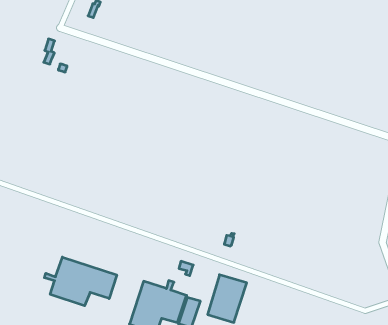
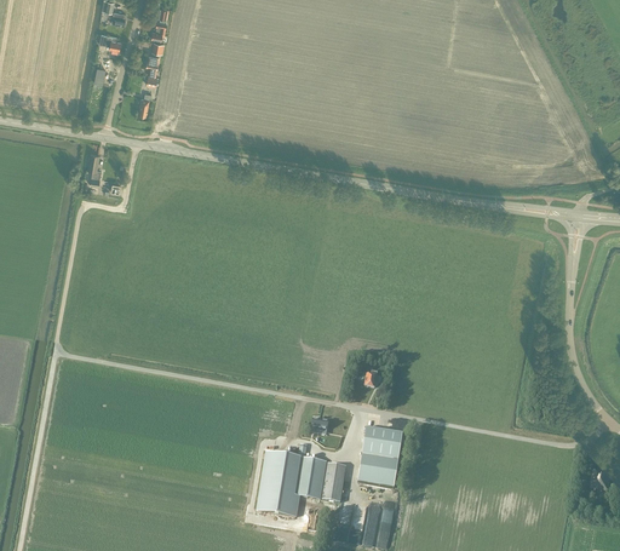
building: [44,257,117,306] -> none

